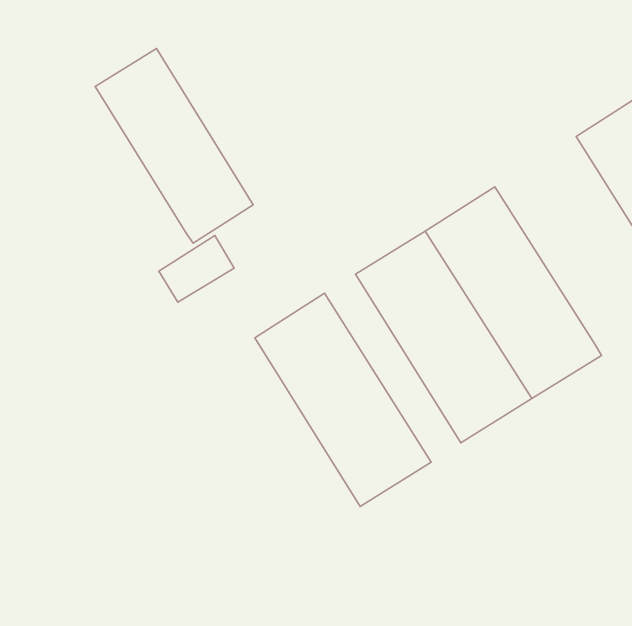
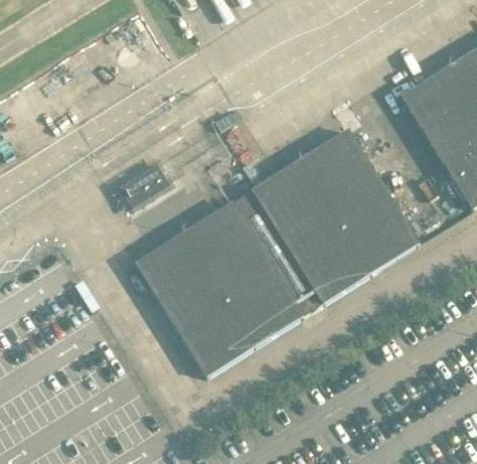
building: [95,48,253,243] -> none
building: none -> [231,188,324,316]
building: none -> [136,231,256,376]

